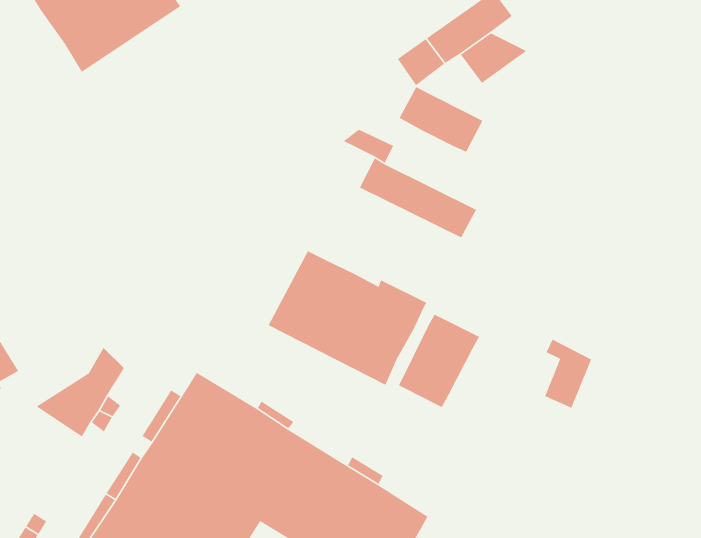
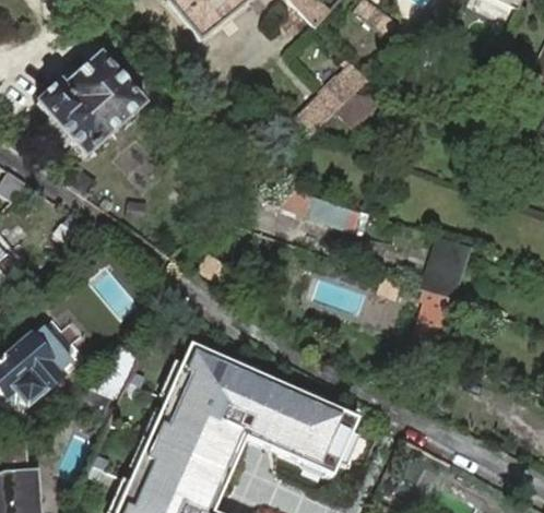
building: [399,86,484,153] -> none
building: [268,250,428,386] -> none
building: [398,313,480,408] -> [422,237,472,299]

